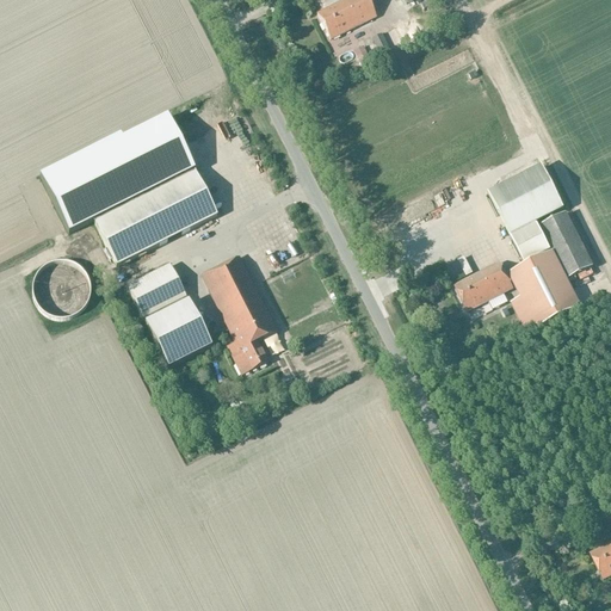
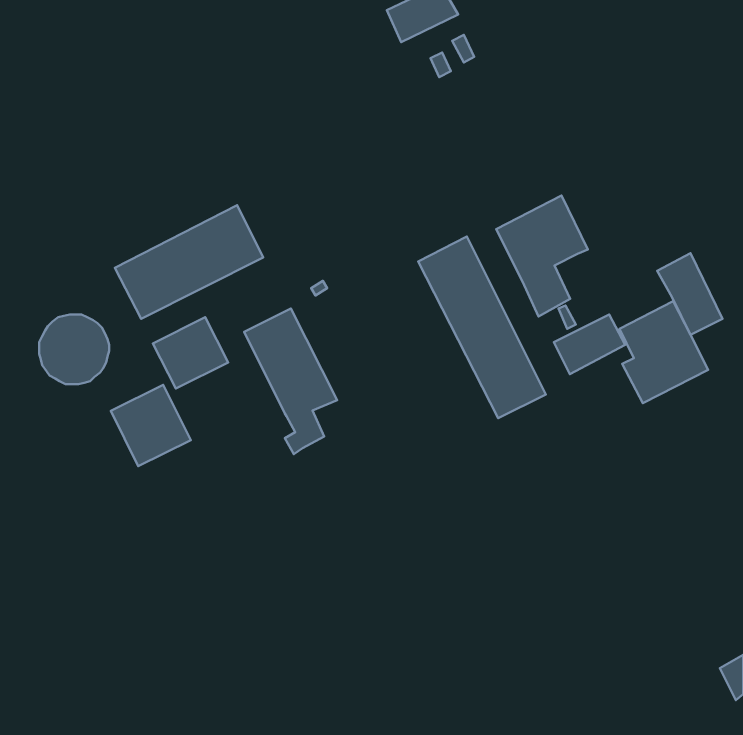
building: [42,112,192,227] -> none
building: [489,161,564,260] -> [496,196,588,316]
building: none -> [418,236,546,418]
building: [144,297,210,364] -> [111,385,191,466]

